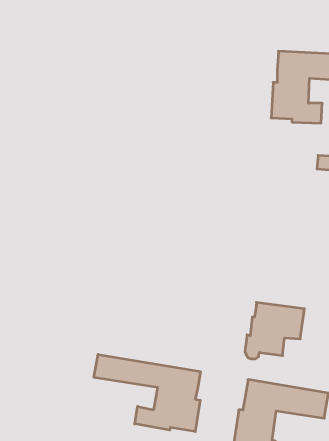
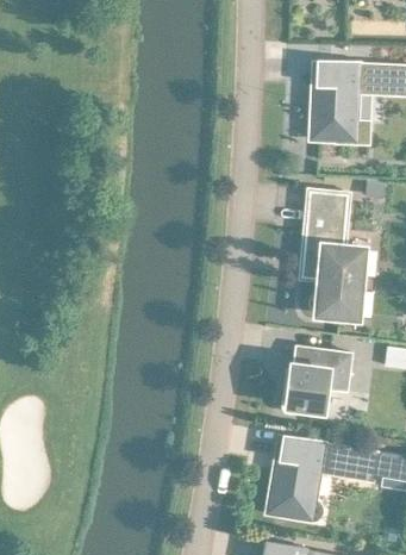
building: none -> [301,189,362,317]
building: [94,354,200,432] -> none

